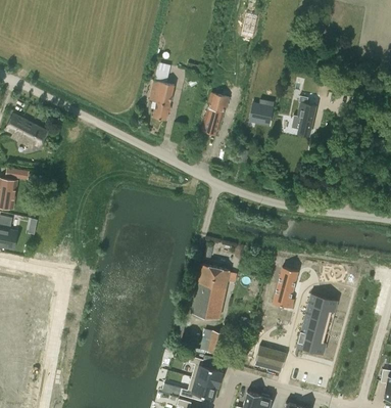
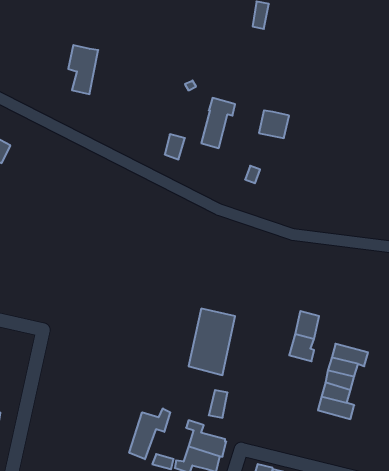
building: [149,81,174,121] -> [68,45,98,94]
building: [291,97,315,136] -> none
building: [255,346,286,368] -> none
building: none -> [129,408,170,459]

